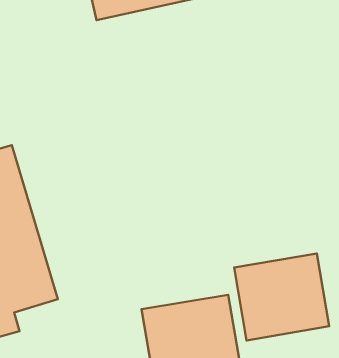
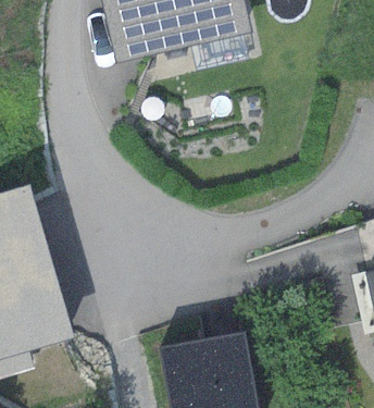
building: [234,254,329,341] -> none

